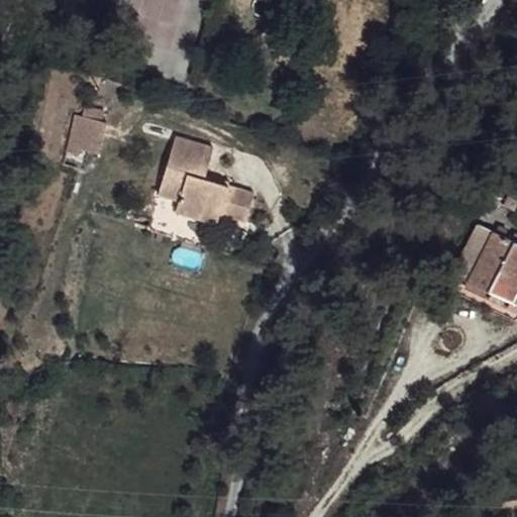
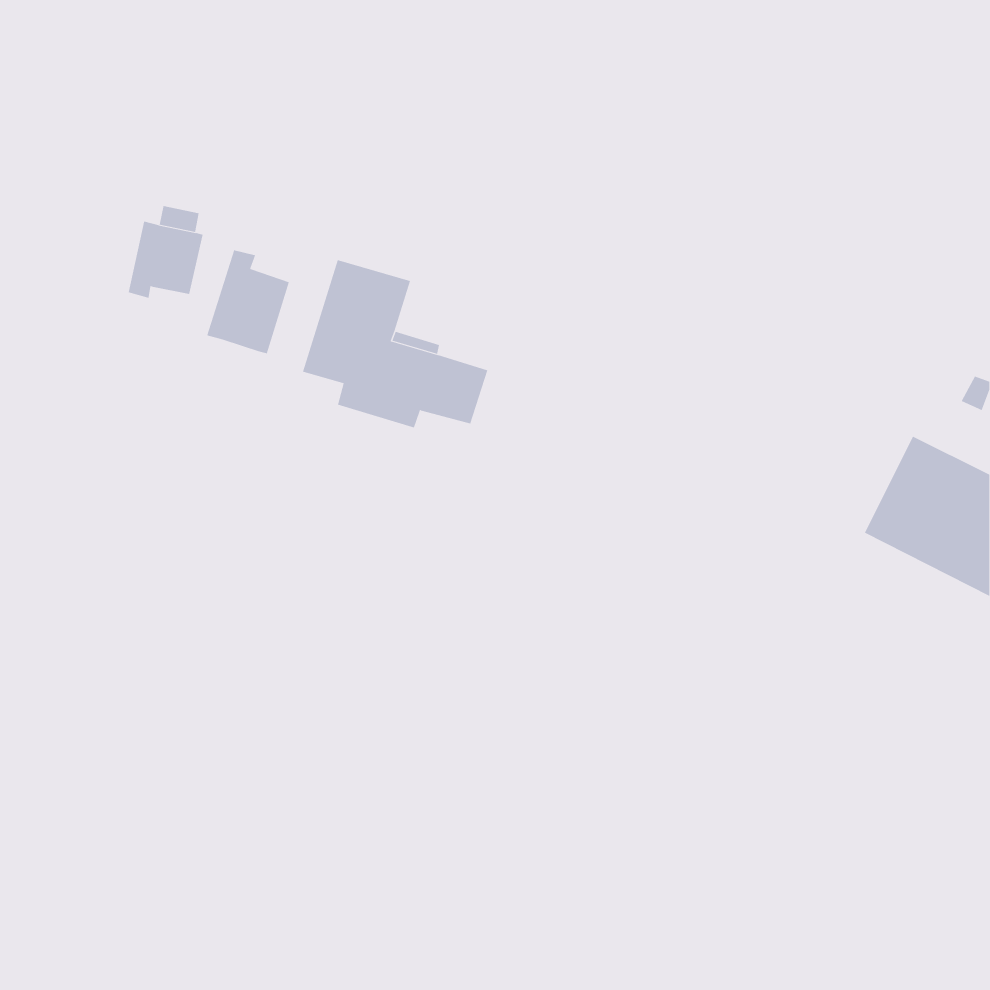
building: none -> [207,249,289,354]

